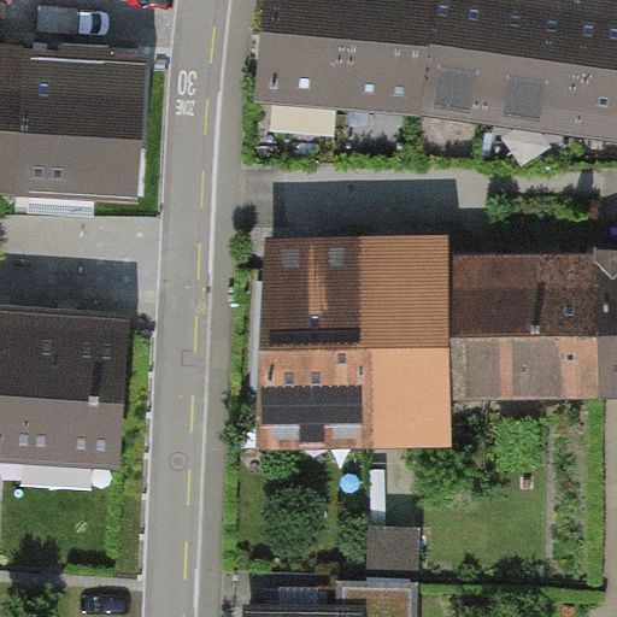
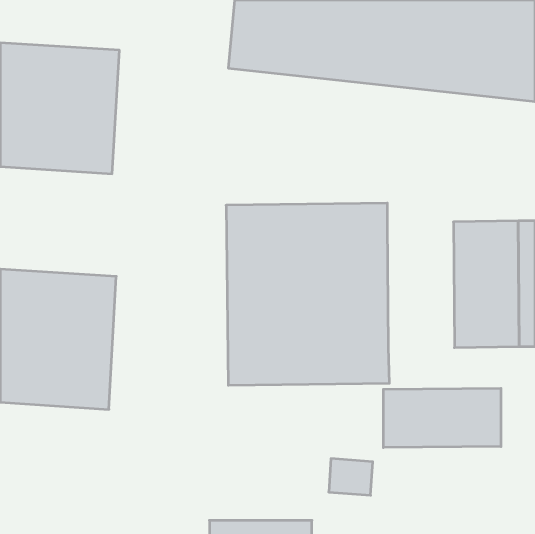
building: [446,257,523,401] -> none
building: none -> [383,388,501,448]

